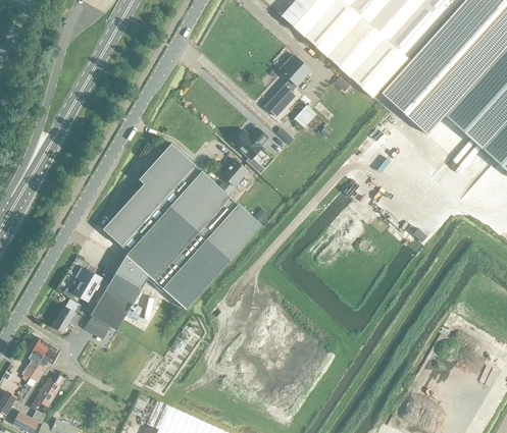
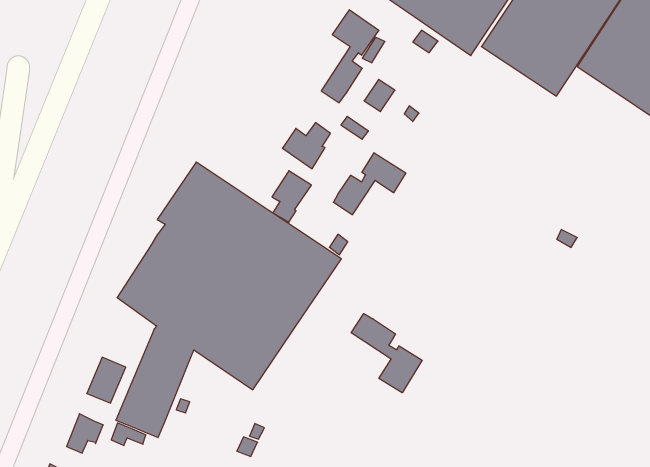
building: none -> [333,153,406,215]
building: none -> [351,314,422,393]

